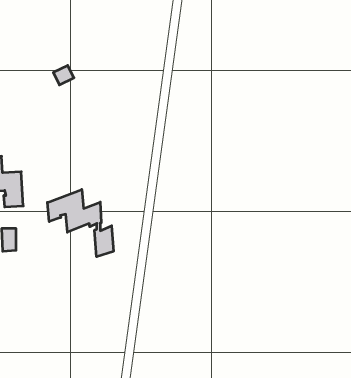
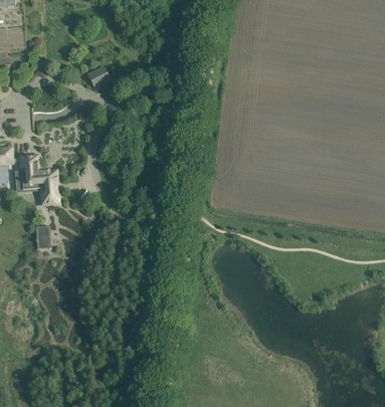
building: [47,189,113,257] -> none

